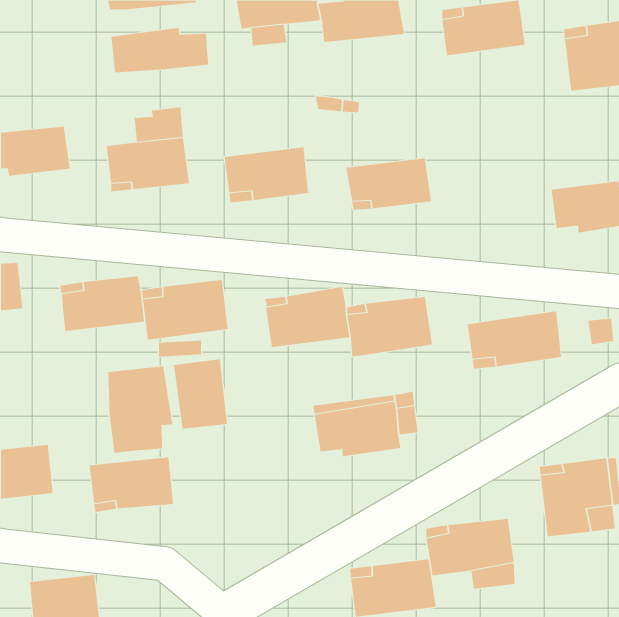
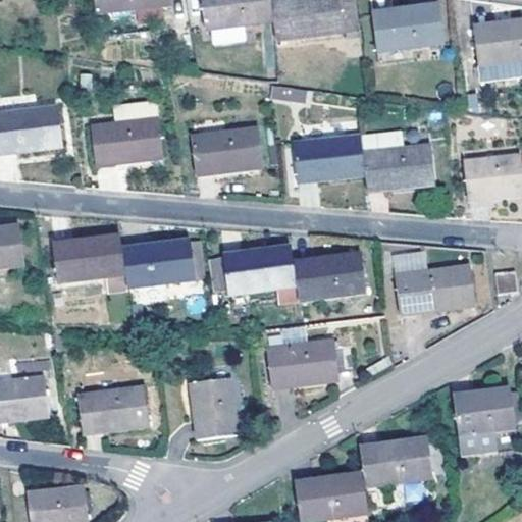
building: [111,27,209,73] -> none
building: none -> [361,145,433,188]
building: [173,359,228,429] -> [190,379,236,438]
building: [108,366,173,453] -> none

